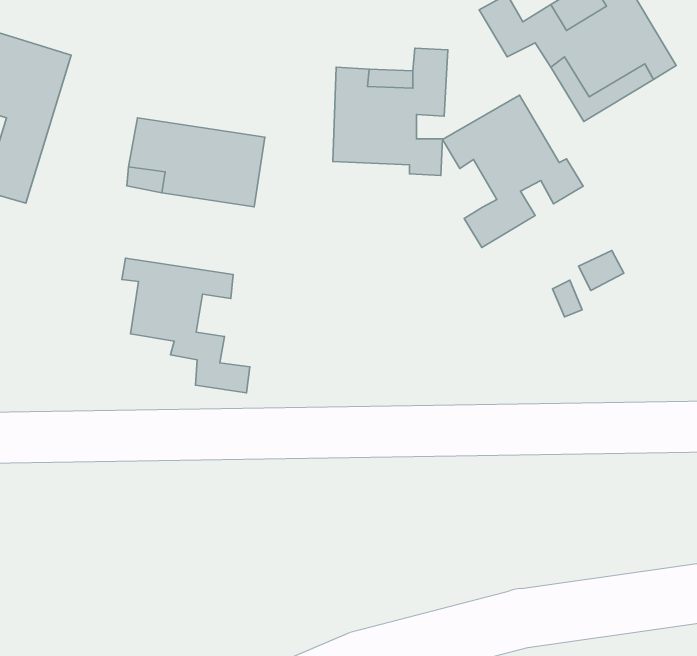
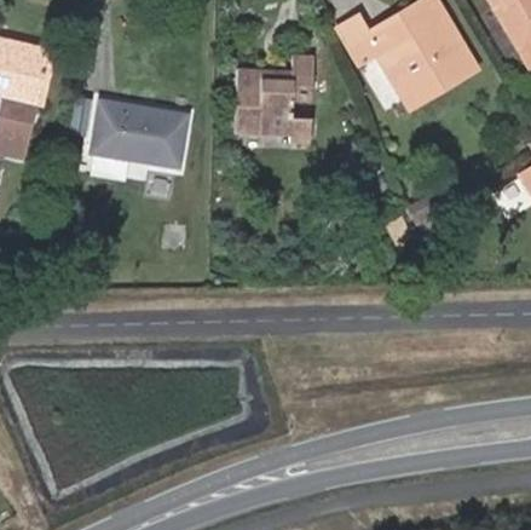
building: [443,95,583,248] -> none
building: [122,258,250,393] -> none

